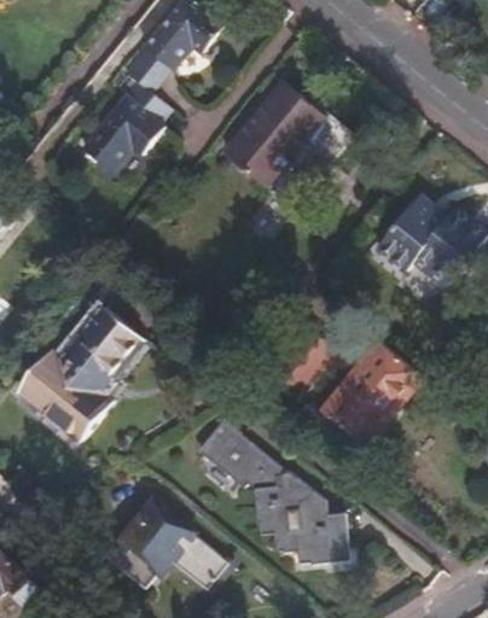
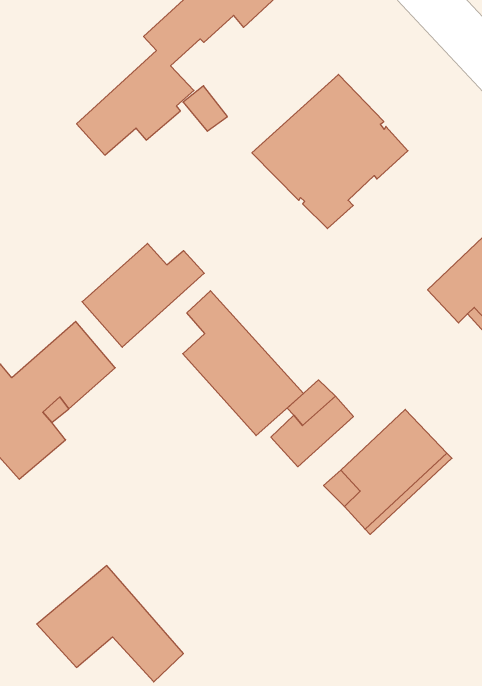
building: none -> [82,243,204,347]
building: none -> [183,291,303,436]
building: [194,418,343,562] -> none

